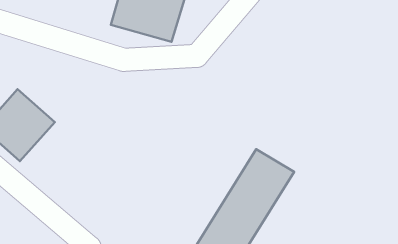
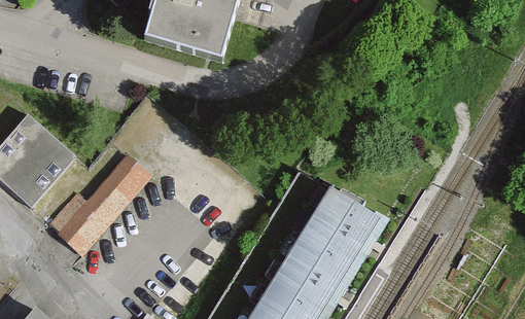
building: none -> [45,151,151,253]

